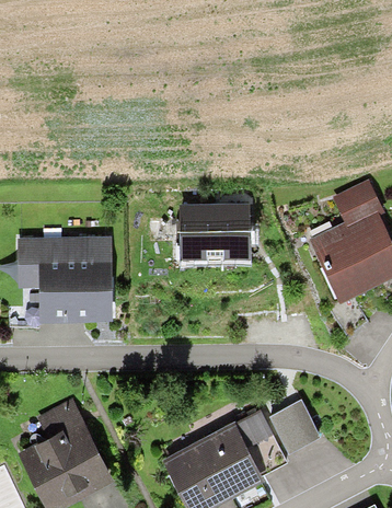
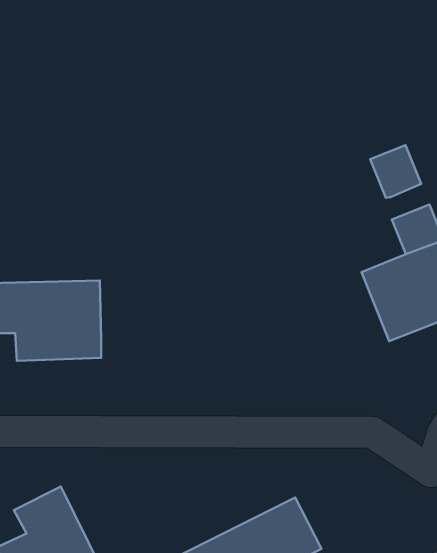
building: none -> [370,145,421,198]
building: [180,198,246,249] -> none
building: [272,403,315,449] -> none

